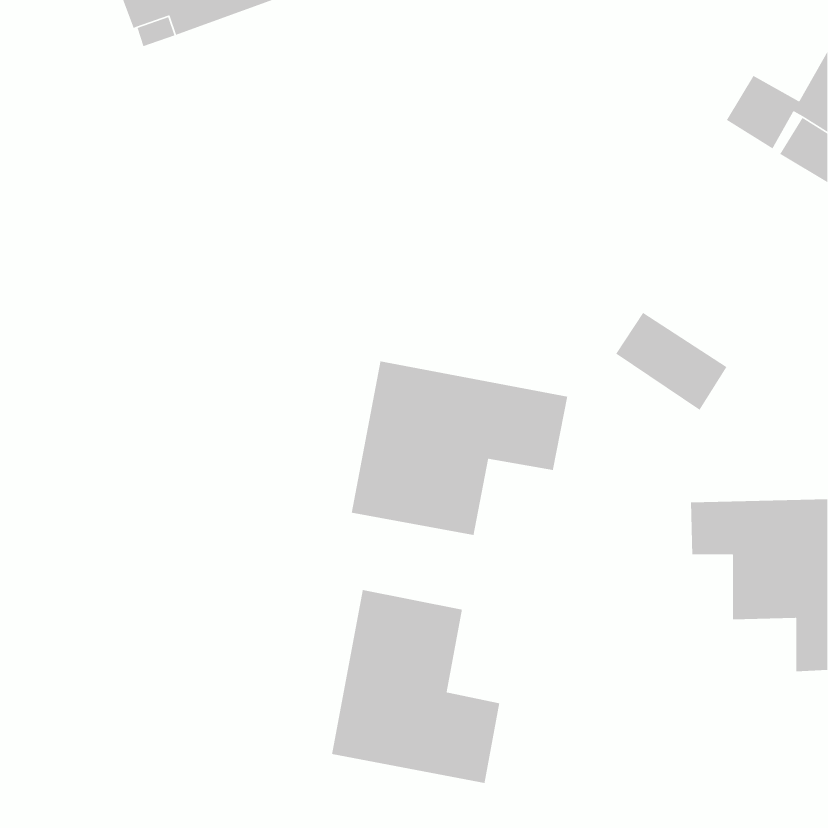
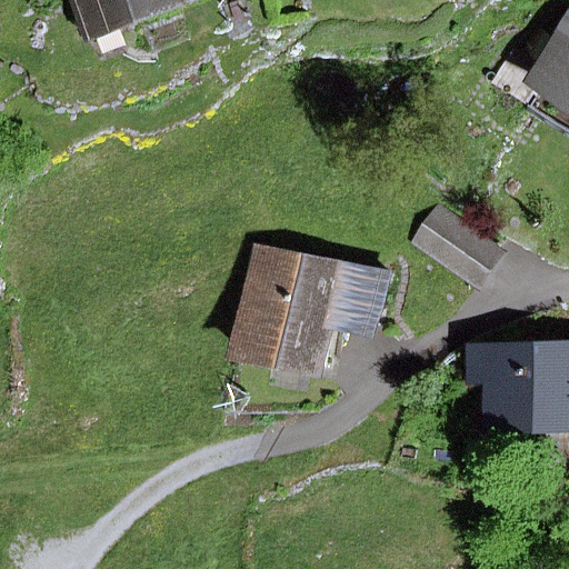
building: [331,589,500,784] -> none

